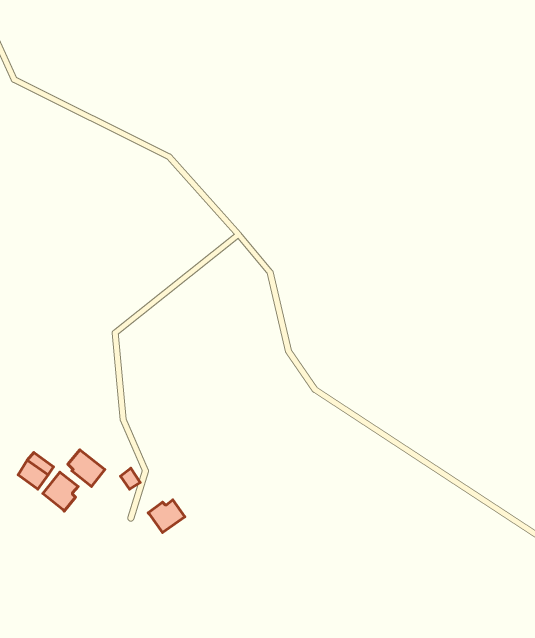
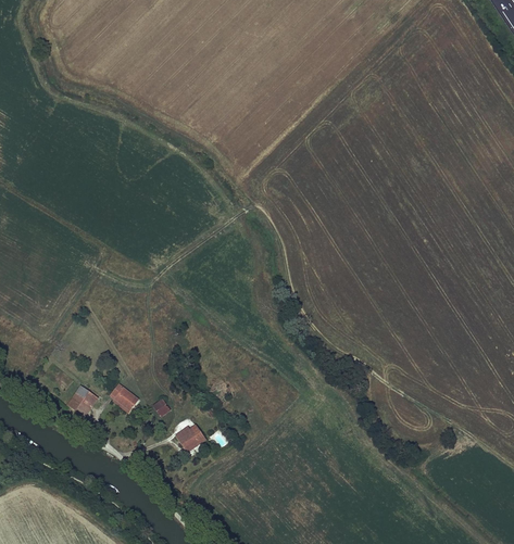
building: [43,472,78,511] -> none

